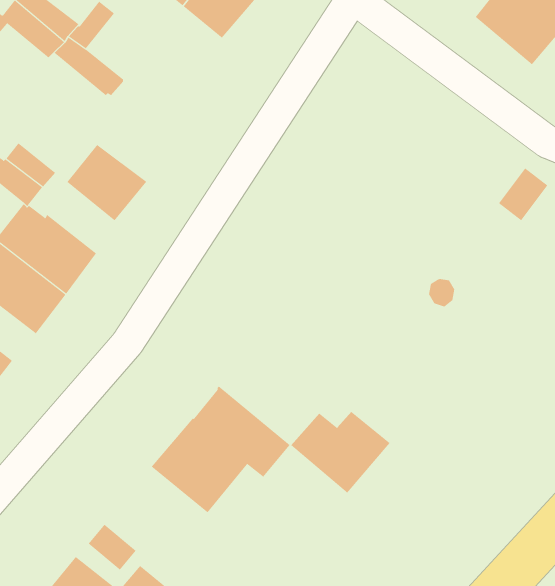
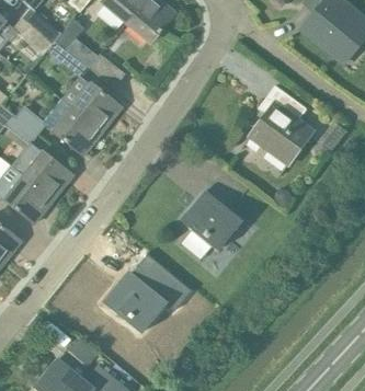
building: none -> [89,54,125,88]
building: none -> [72,81,122,129]
building: none -> [251,85,315,164]
building: [290,411,391,493] -> [181,200,242,251]

